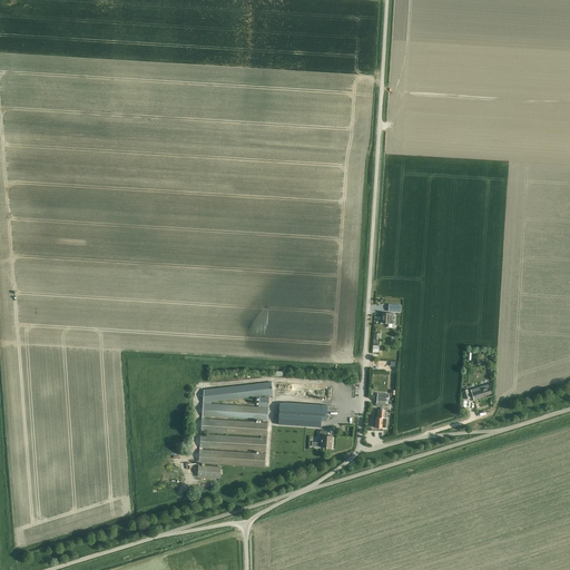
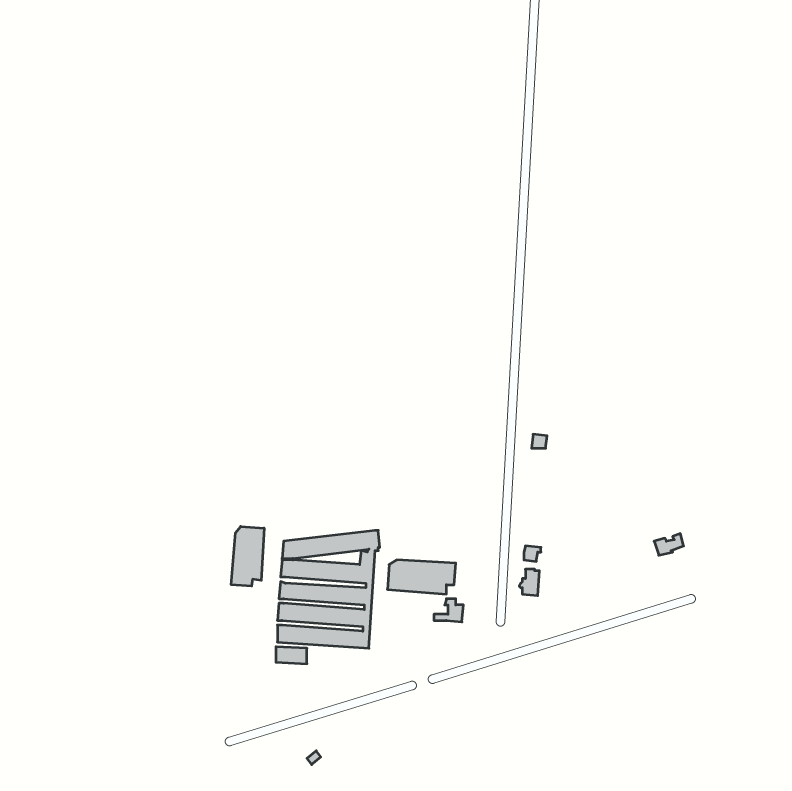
building: none -> [231,526,264,586]

